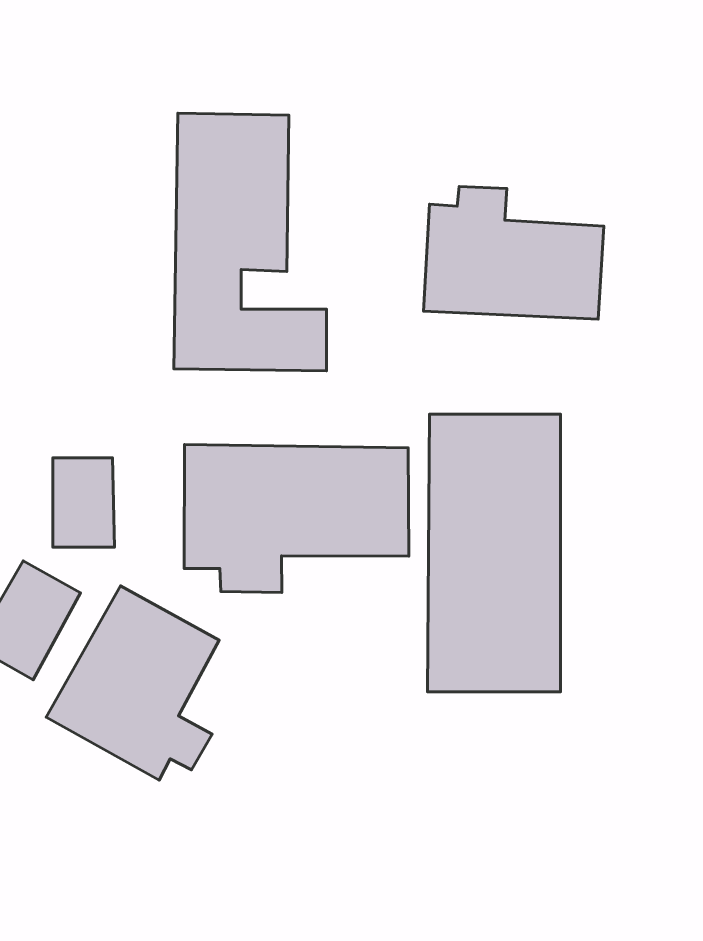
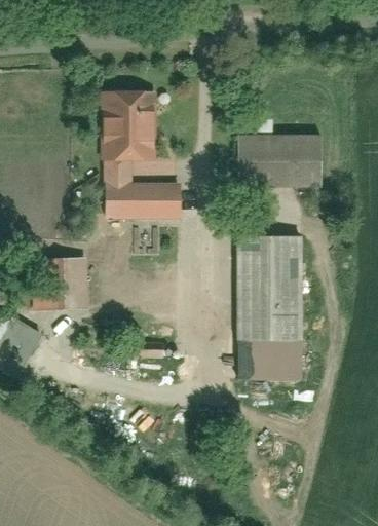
building: [184,445,409,593] -> none
building: [46,586,219,780] -> none

